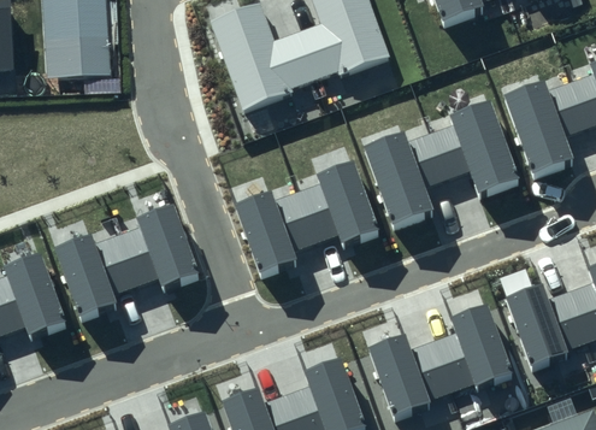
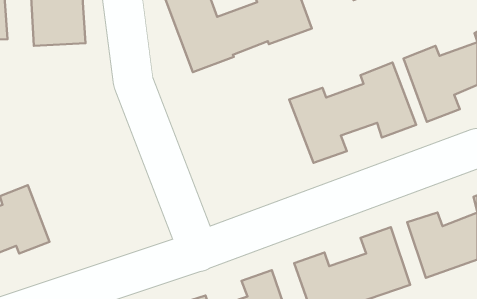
building: [234,160,379,277] -> none
building: [54,205,200,322] -> none

